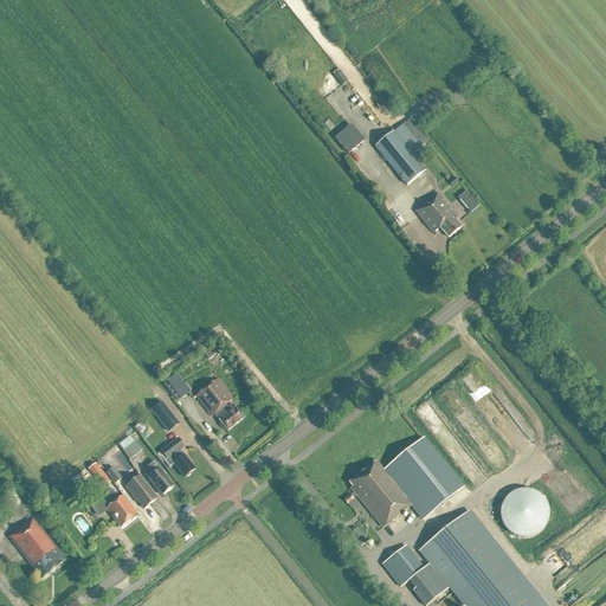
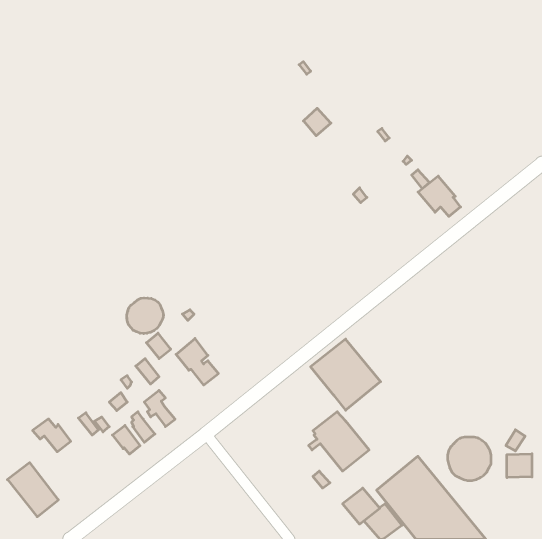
building: [375,122,425,183] -> none
building: [414,191,462,236] -> [418,176,461,216]
building: none -> [127,298,163,334]
building: [386,439,464,518] -> [311,339,381,410]
building: [94,488,136,524] -> [33,419,71,452]
building: none -> [507,454,532,478]

